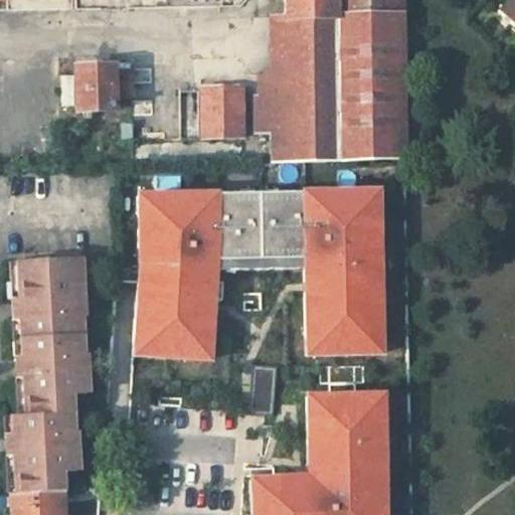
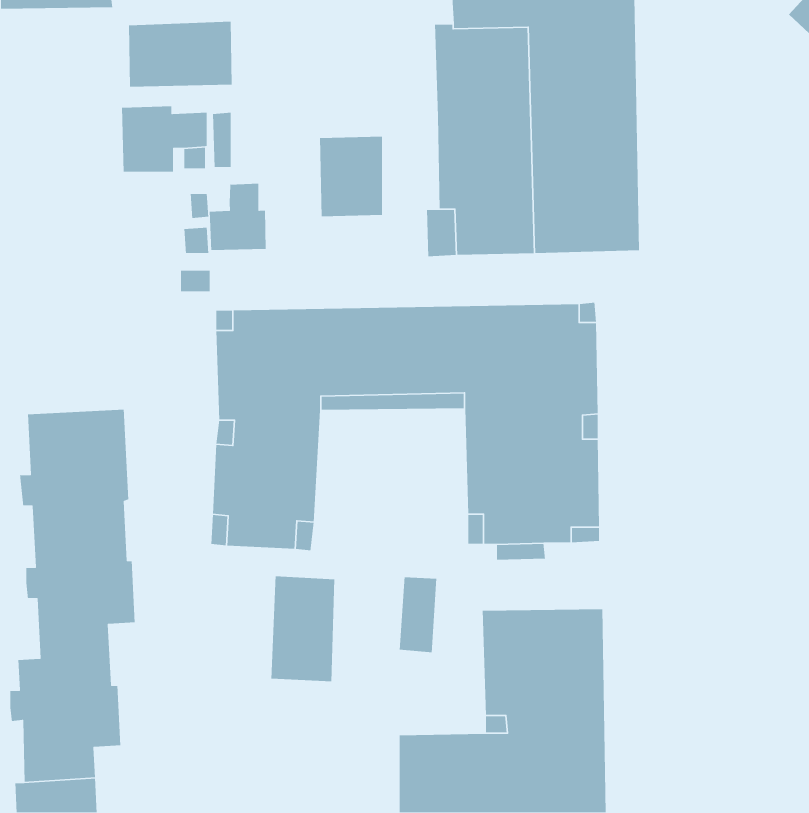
building: none -> [128,21,233,88]
building: [259,73,281,133] -> none
building: none -> [209,183,266,251]
building: none -> [270,576,335,682]

